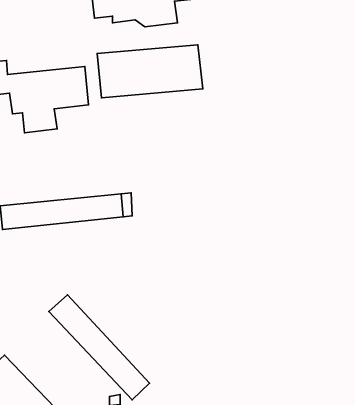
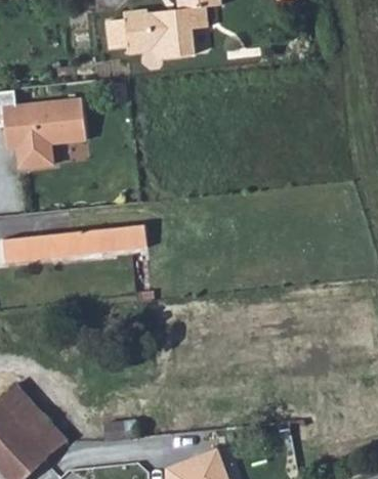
building: [97,45,203,98] -> none
building: [49,295,149,400] -> none

